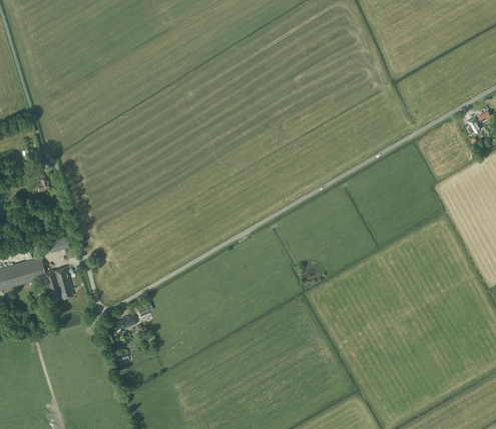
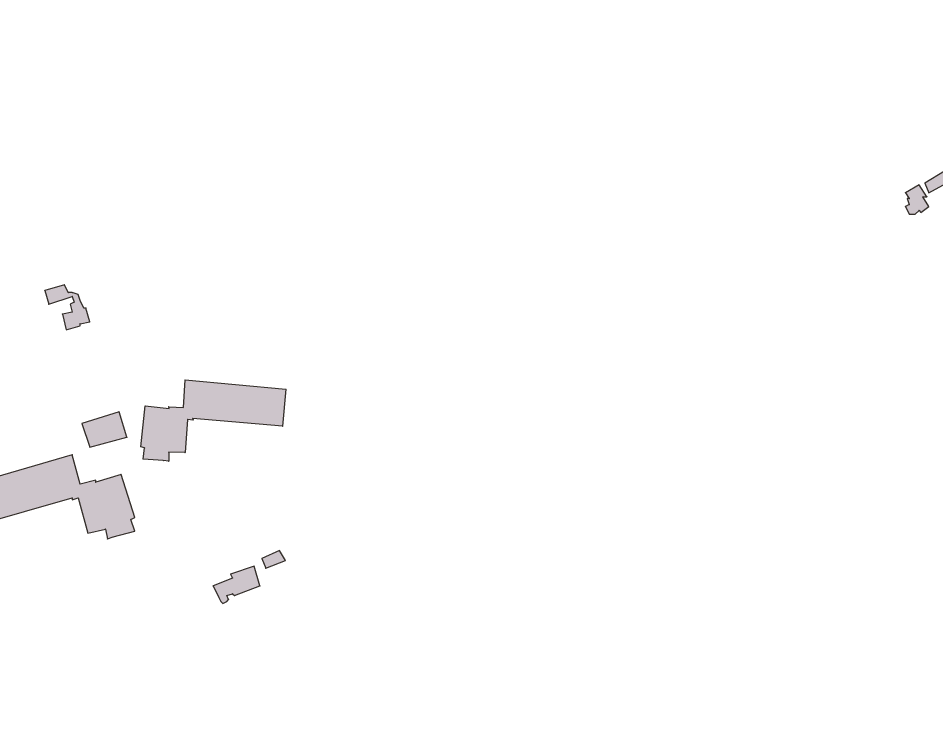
building: none -> [141,380,286,461]

